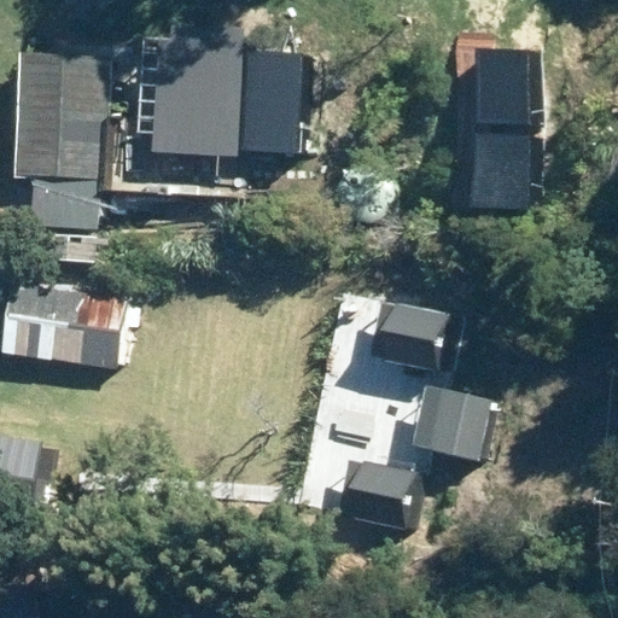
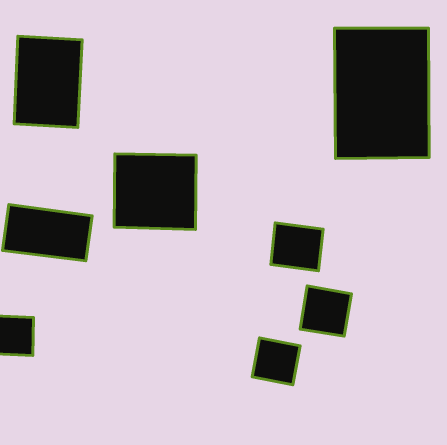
building: [140,39,290,162] -> none
building: none -> [114,154,196,229]

